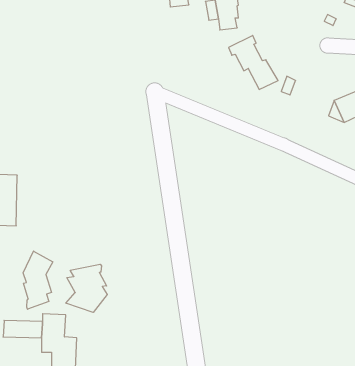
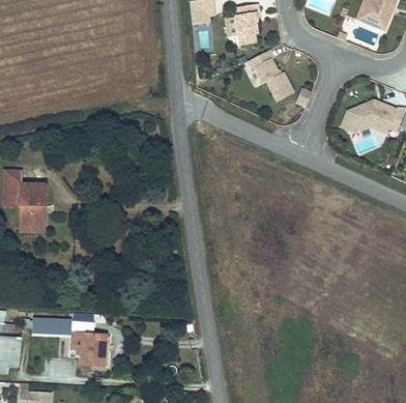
building: [23,251,53,309] -> none
building: [66,264,107,312] -> none

